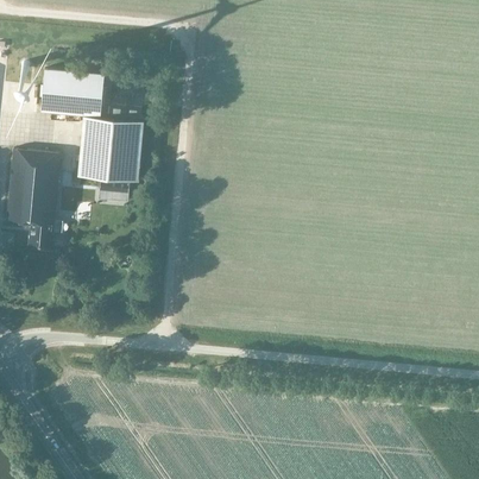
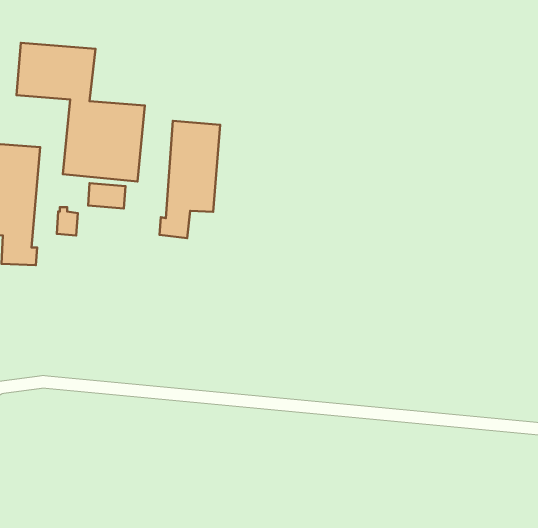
building: none -> [160,121,220,238]

